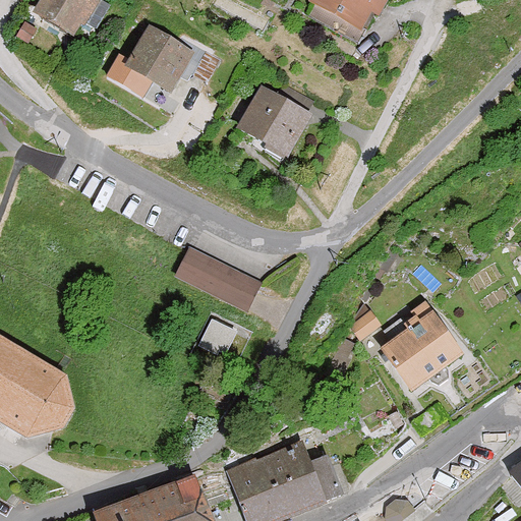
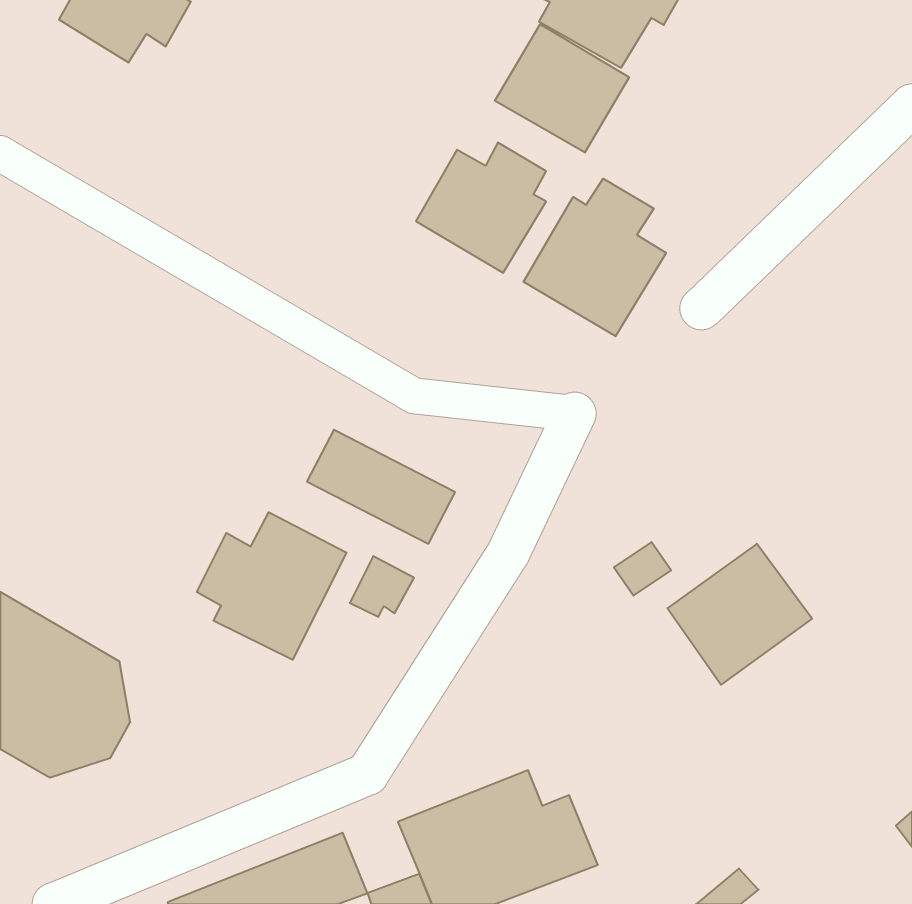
building: none -> [495,24,629,153]
building: [107,25,193,97] -> none
building: none -> [524,179,666,336]
building: none -> [197,512,346,660]

